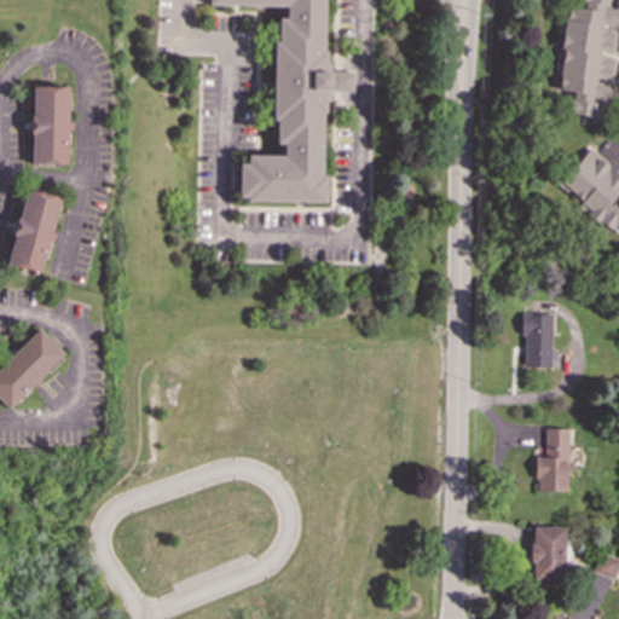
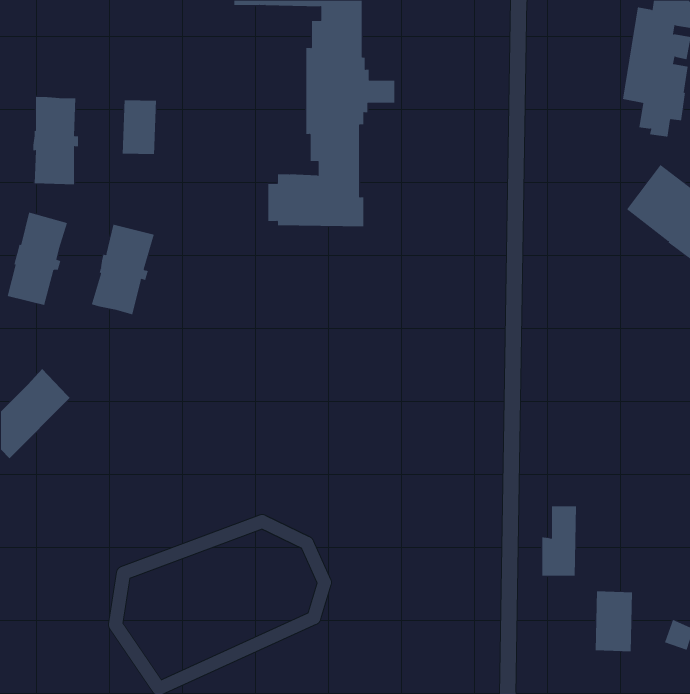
building: none -> [122,99,156,155]
building: none -> [91,224,154,315]
building: [525,314,560,368] -> none
building: [538,428,569,491] -> [542,506,577,576]

